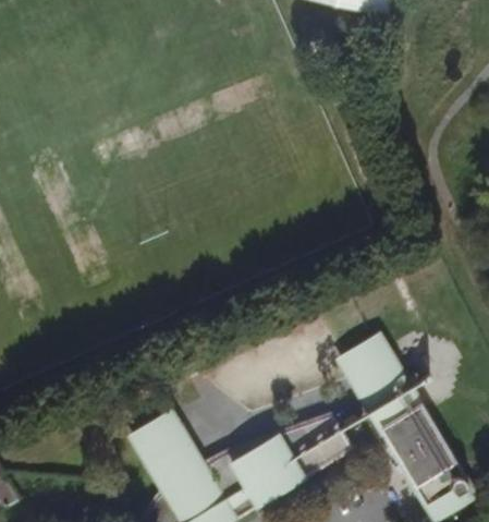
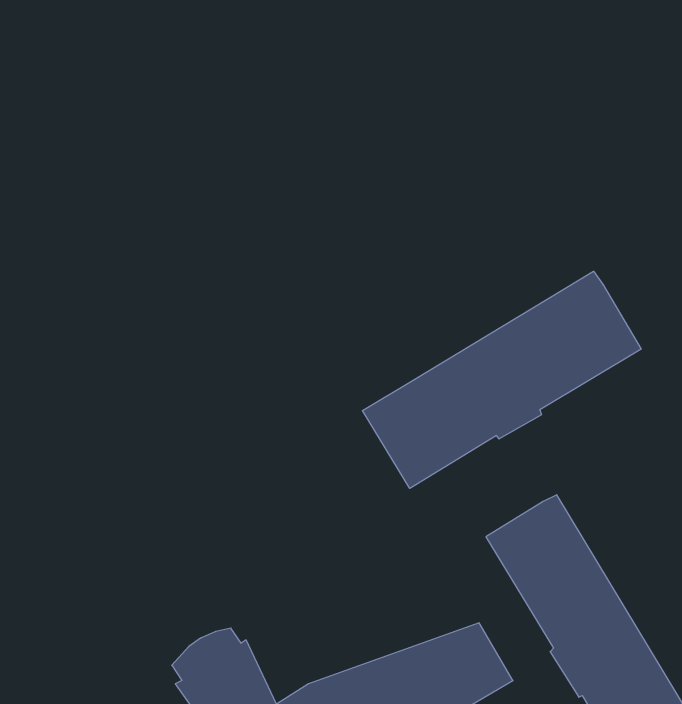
building: none -> [362,271,641,488]

